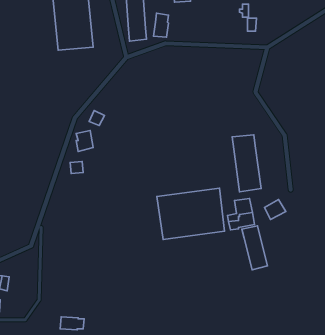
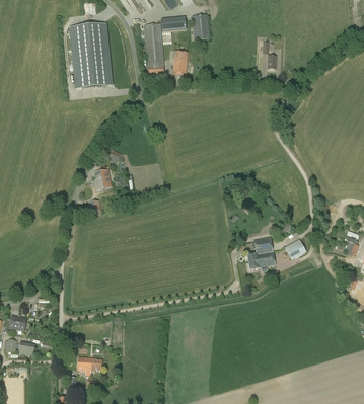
building: [232,135,261,192] -> none
building: [157,188,225,239] -> none
building: [242,226,267,270] -> none

